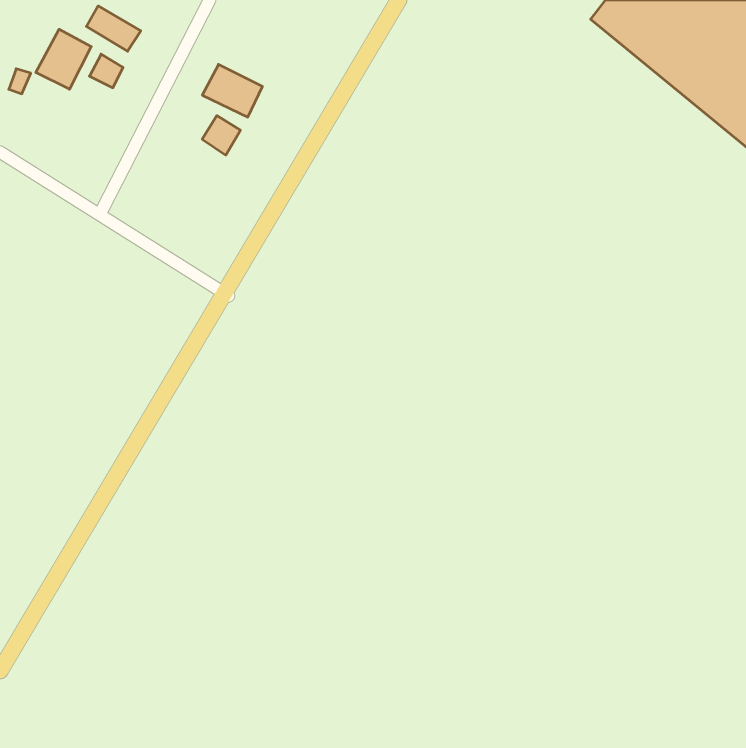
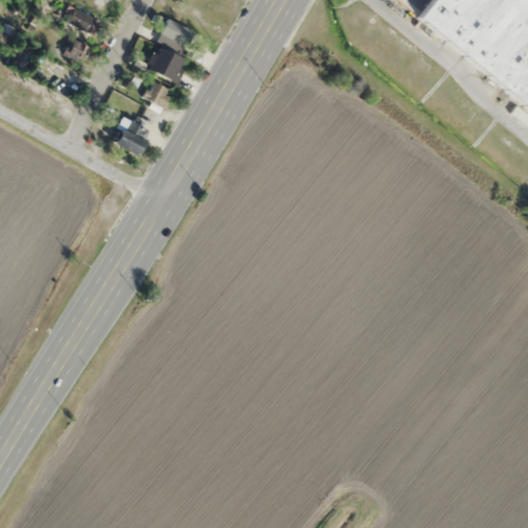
building: none -> [158,19,194,52]
building: [36,29,91,89] -> none
building: none -> [113,119,151,156]

